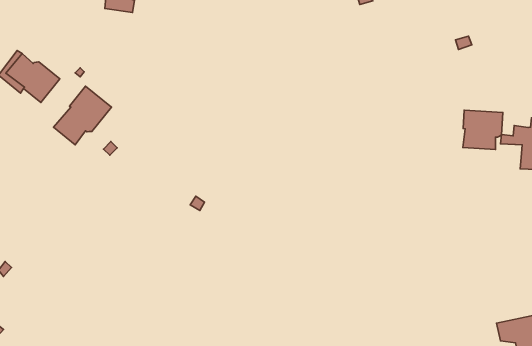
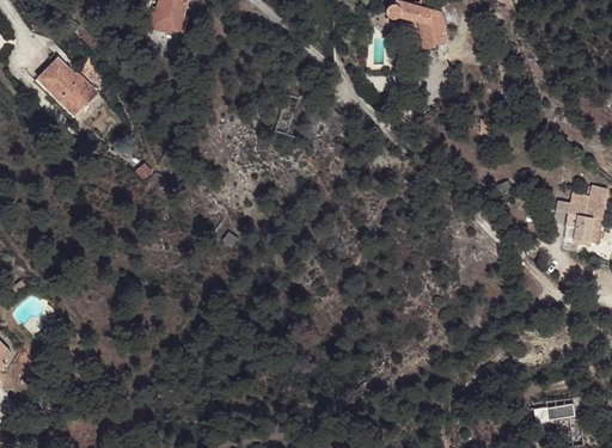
building: [53,86,111,145] -> none
building: [463,110,503,150] -> none

